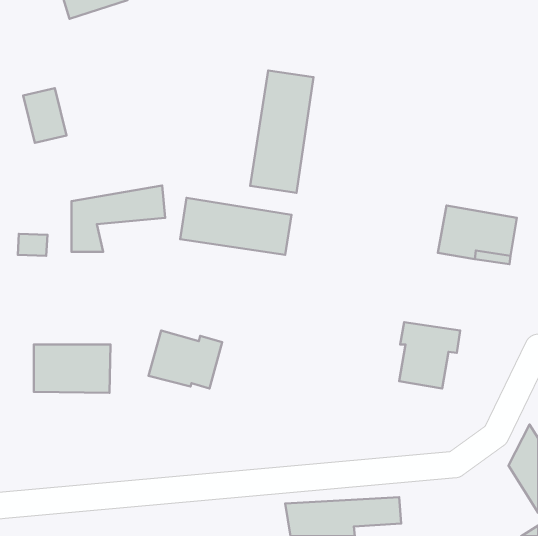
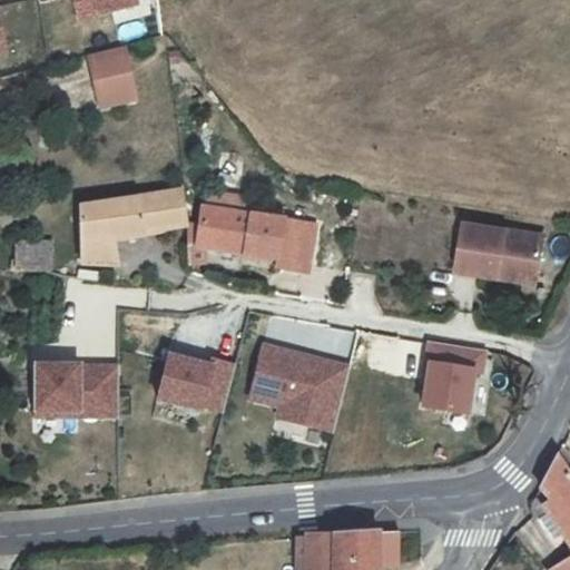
building: [250,71,313,193] -> none
building: [23,88,66,143] -> [88,49,134,107]
building: none -> [249,342,348,428]

